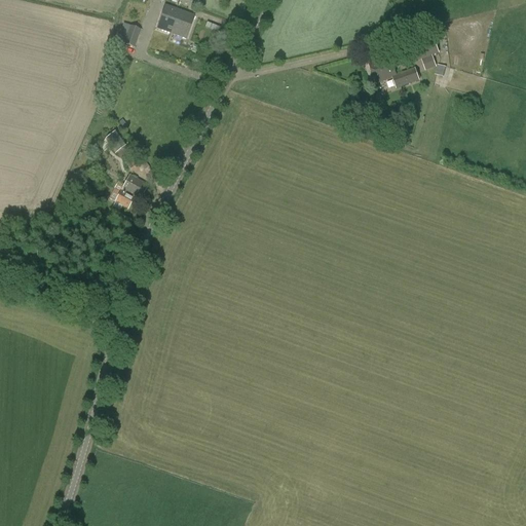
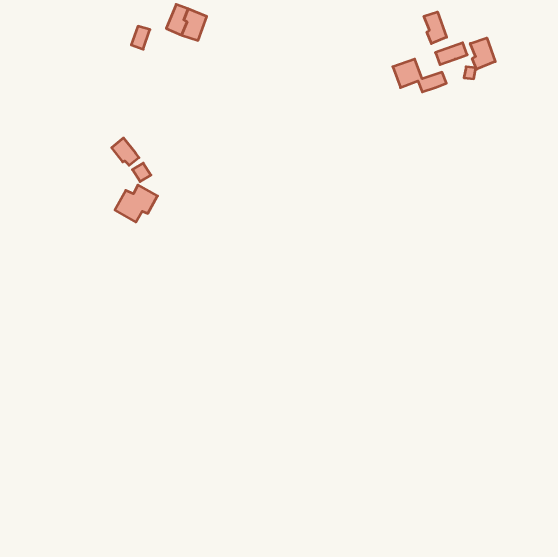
building: none -> [424,12,447,44]
building: none -> [470,38,495,69]

